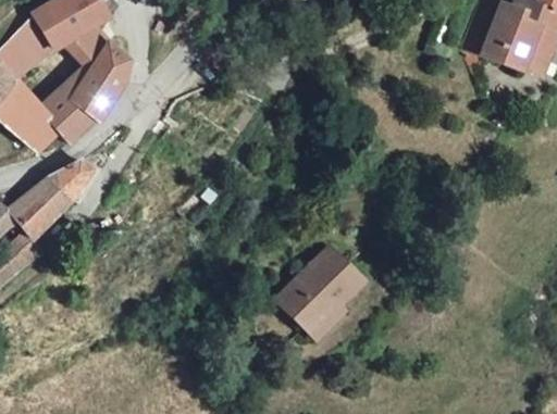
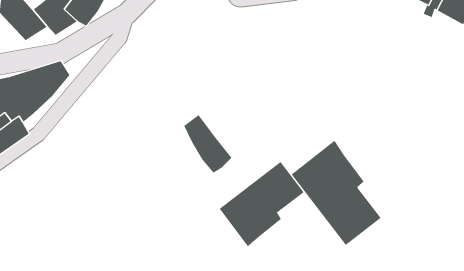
building: none -> [183,114,232,173]
building: none -> [291,140,382,246]

